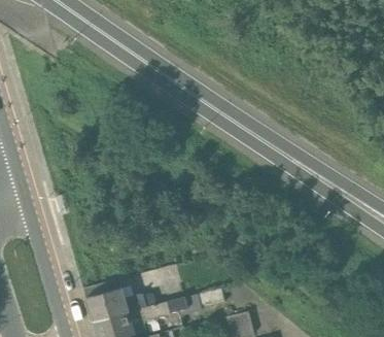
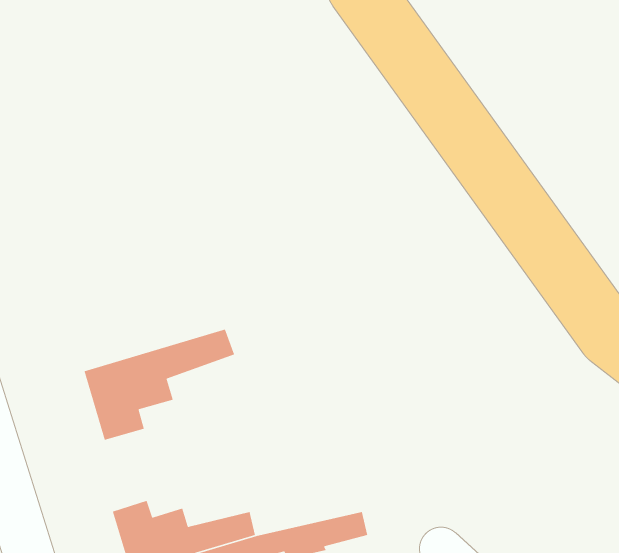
building: none -> [84,329,235,441]

